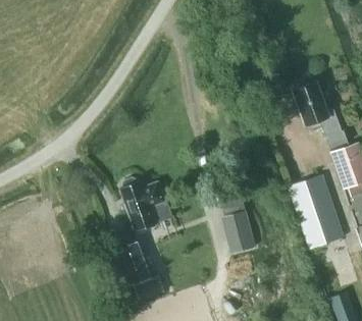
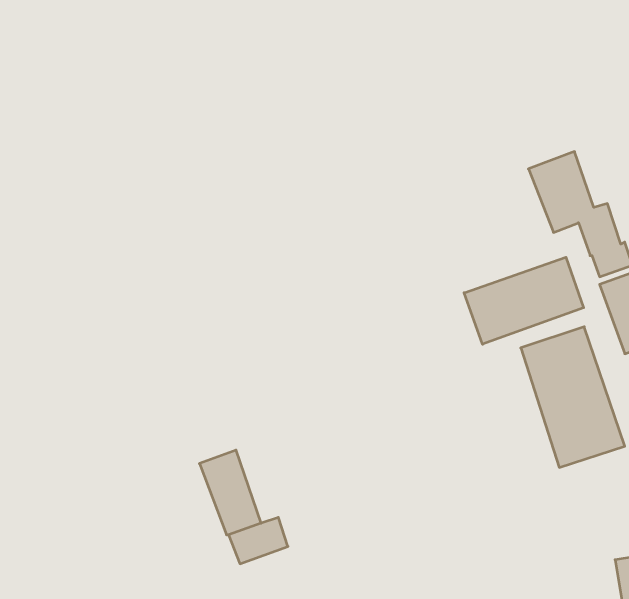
building: none -> [464,257,584,344]
building: [121,178,173,235] -> none
building: [227,211,257,252] -> none

